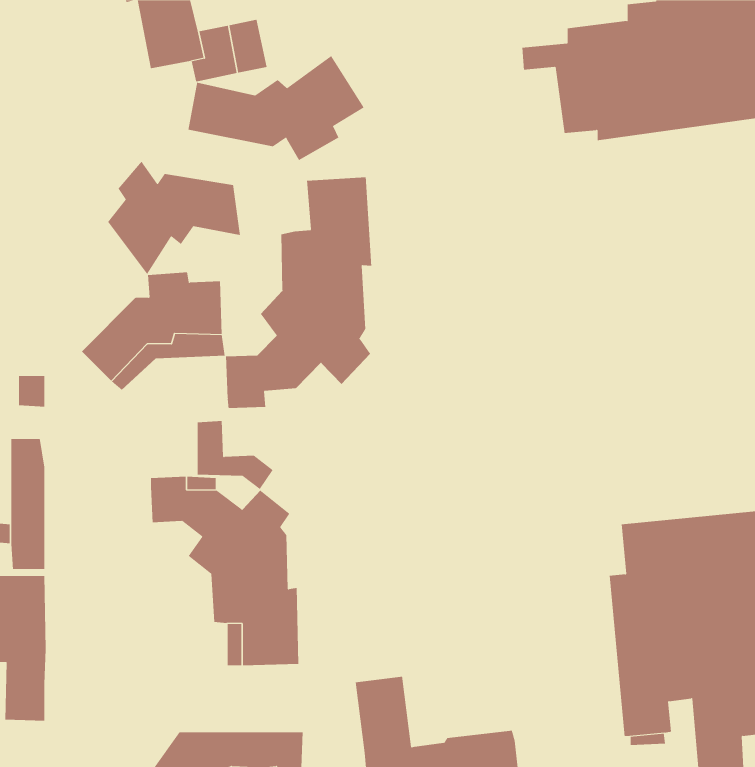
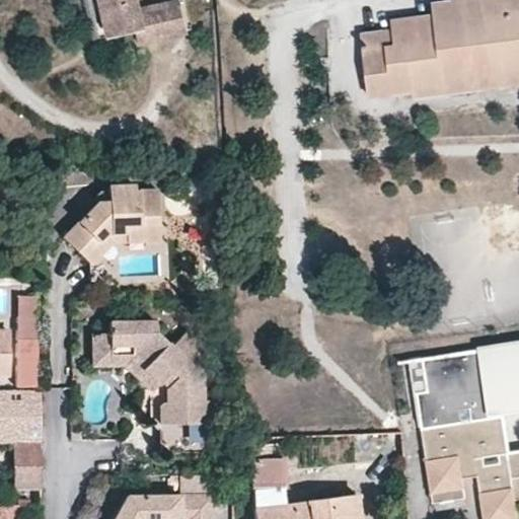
building: [188,55,364,161] -> none
building: none -> [361,46,388,93]
building: [107,161,240,275] -> none
building: [225,177,372,409] -> none
building: [197,421,274,490] -> [92,328,144,375]

